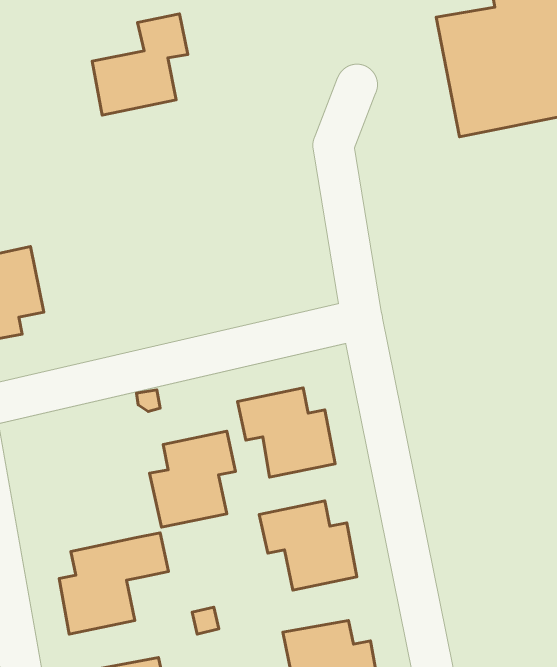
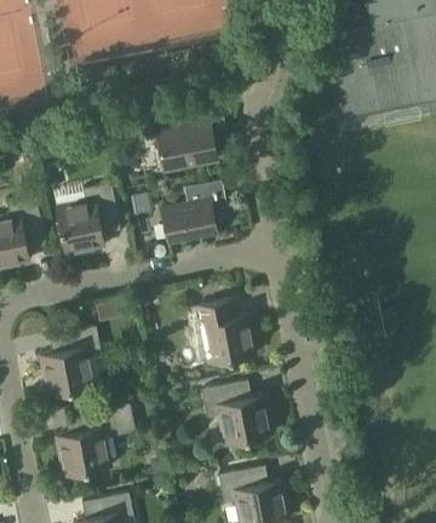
building: [92,14,188,115] -> [157,98,226,171]
building: none -> [162,180,228,243]
building: none -> [57,184,121,254]
building: [150,431,235,527] -> [40,327,102,396]

